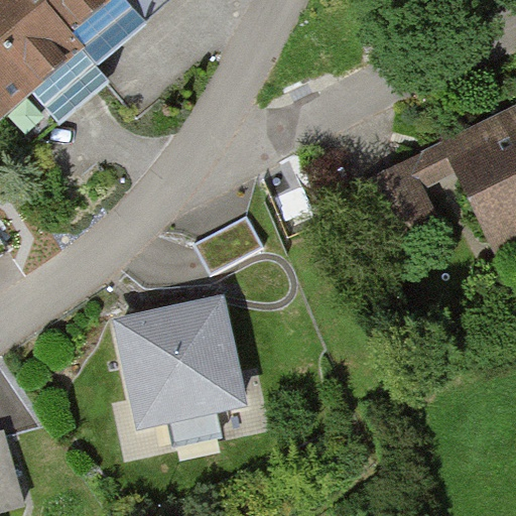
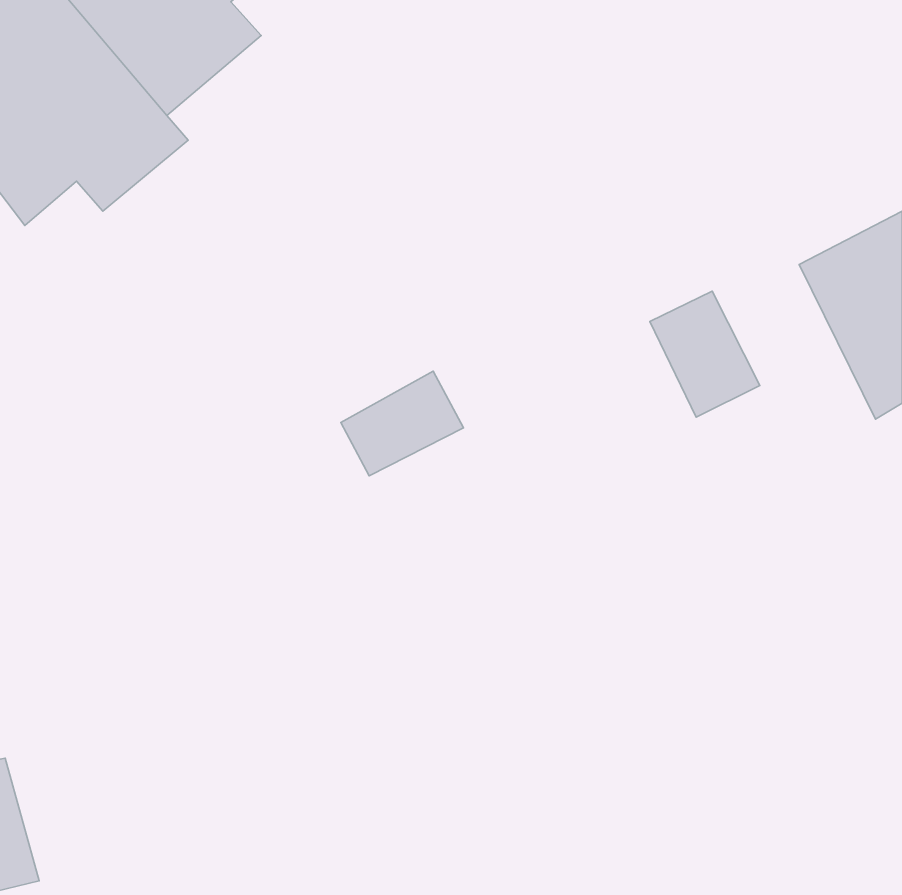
building: [120,298,241,419] -> none

